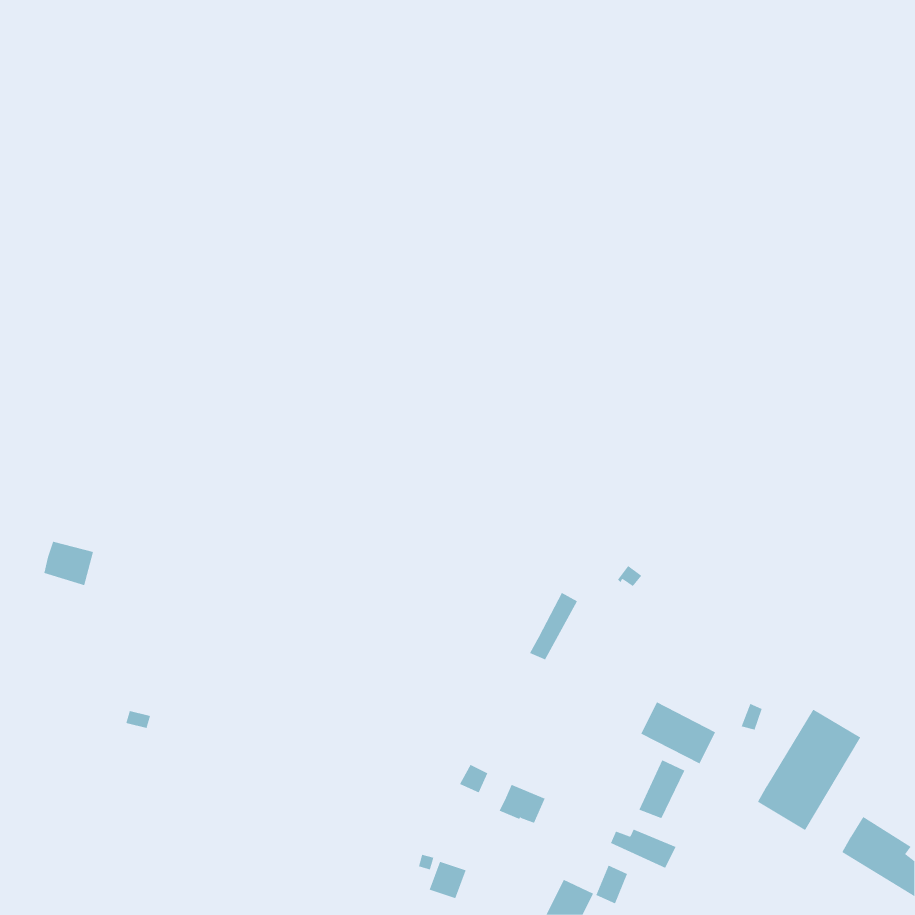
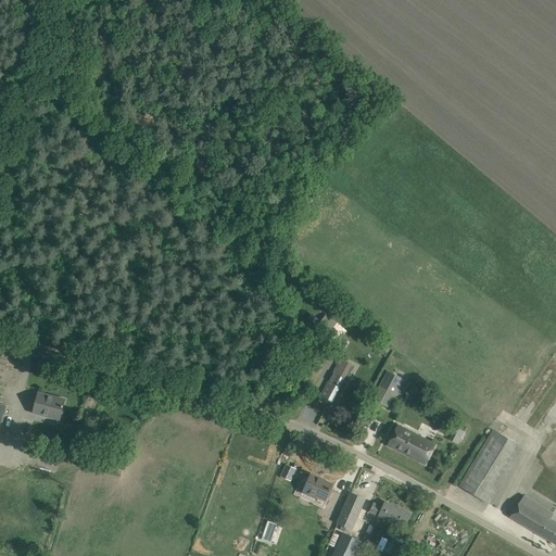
building: [44,541,94,586] -> [33,392,63,419]
building: none -> [371,370,407,406]
building: [639,760,685,819] -> [336,492,364,528]

